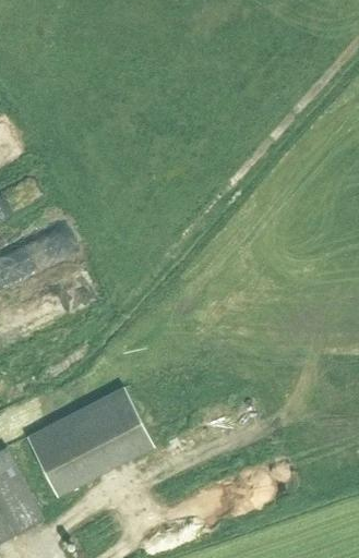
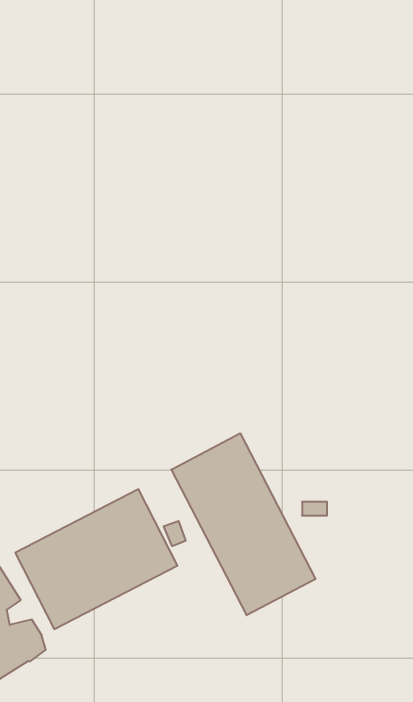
building: none -> [171,433,315,615]

